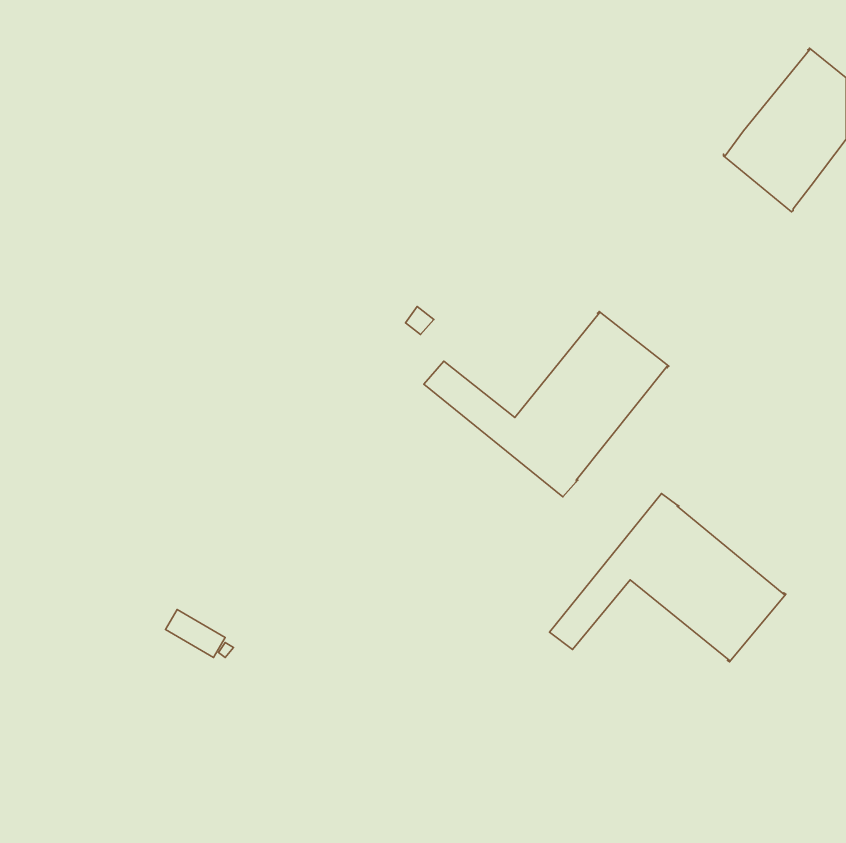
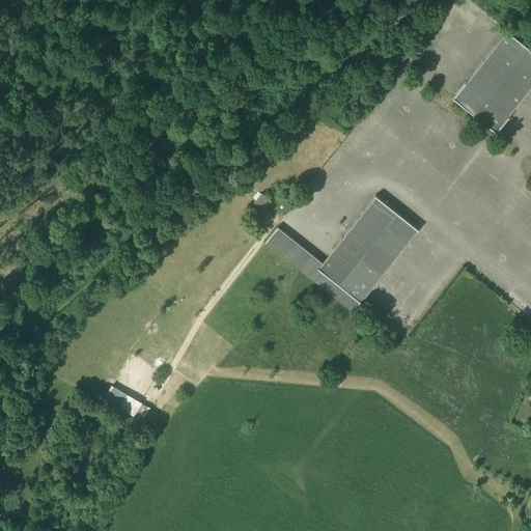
building: [550,493,786,662] -> none

